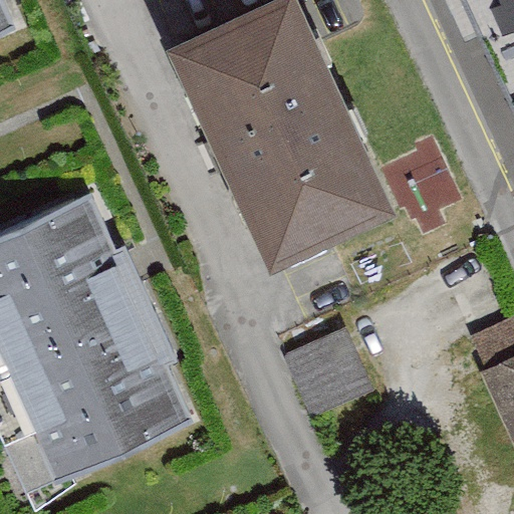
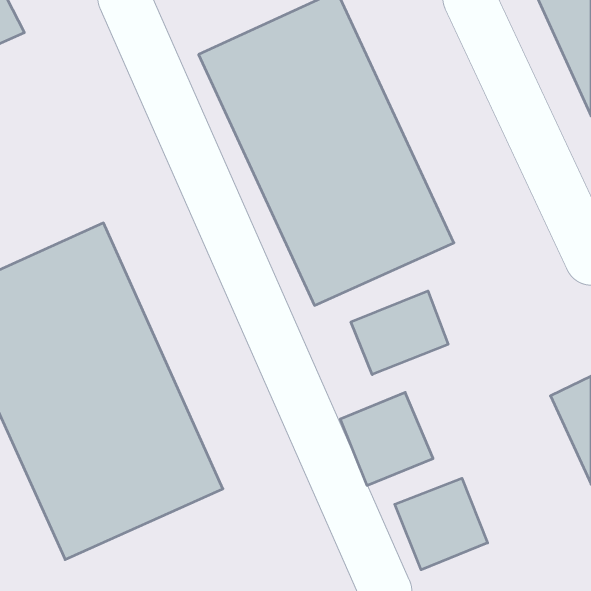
building: none -> [351,291,448,375]
building: none -> [395,478,488,570]

